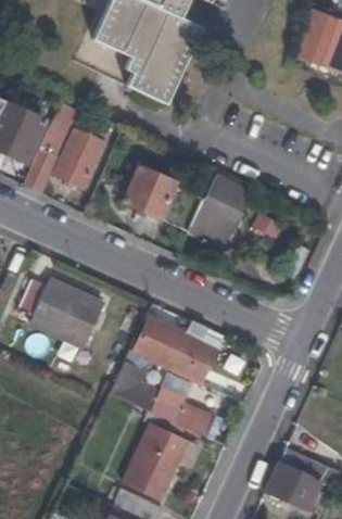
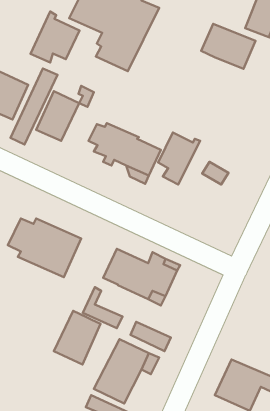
building: none -> [30,12,80,63]
building: none -> [201,24,255,69]
building: none -> [54,311,100,364]

